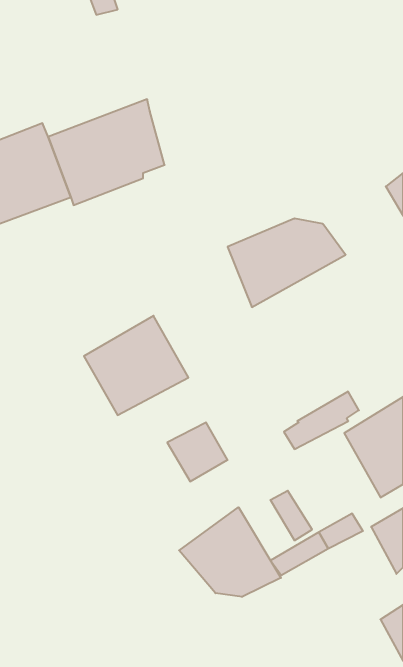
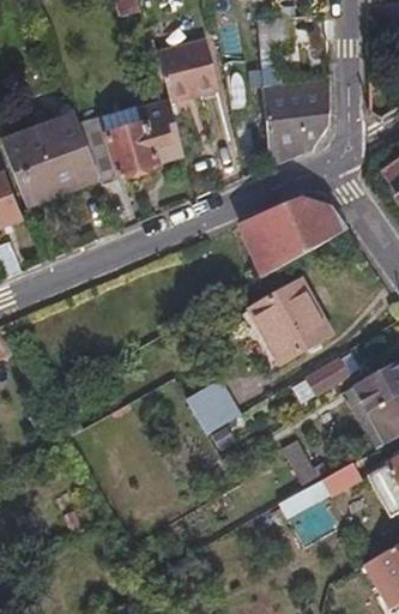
building: none -> [259,14,328,165]
building: none -> [157,37,219,102]
building: [84,316,188,415] -> [238,279,332,368]
building: [179,507,281,597] -> none

